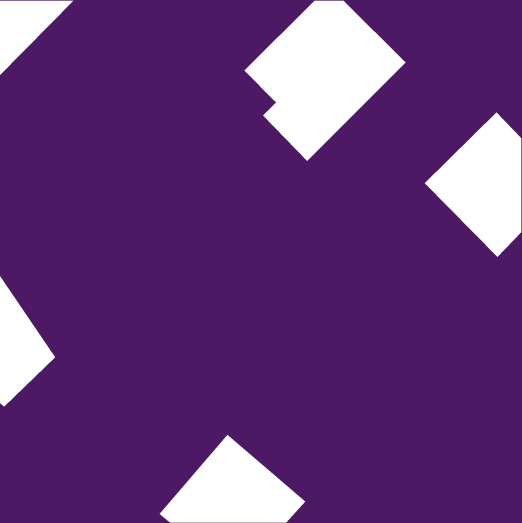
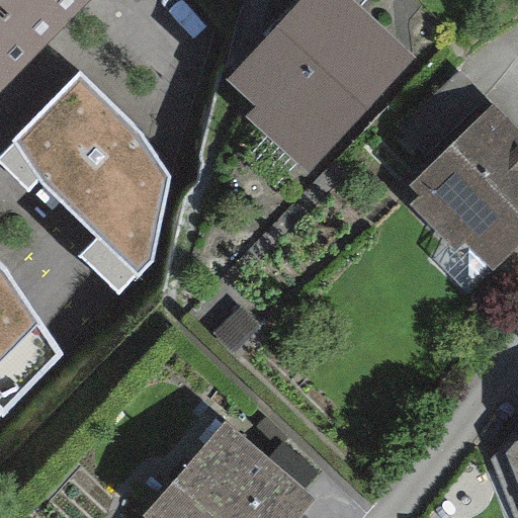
building: none -> [21,80,161,266]

